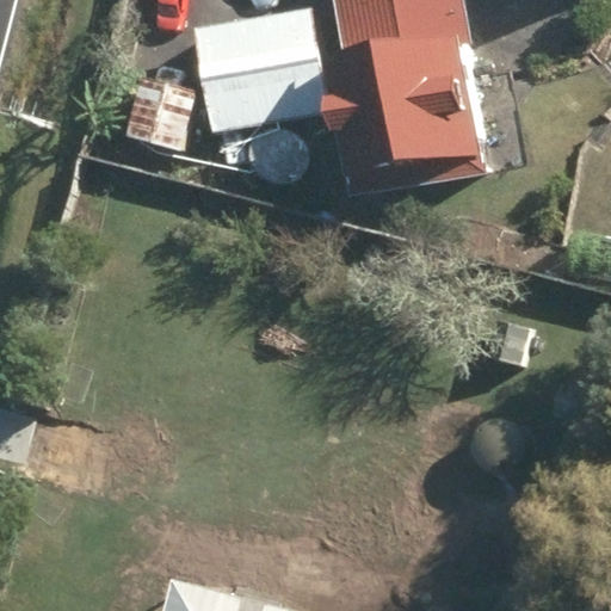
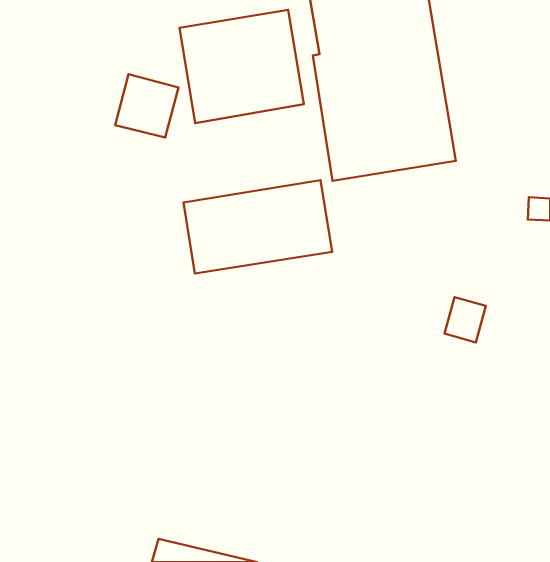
building: none -> [184,180,332,273]

